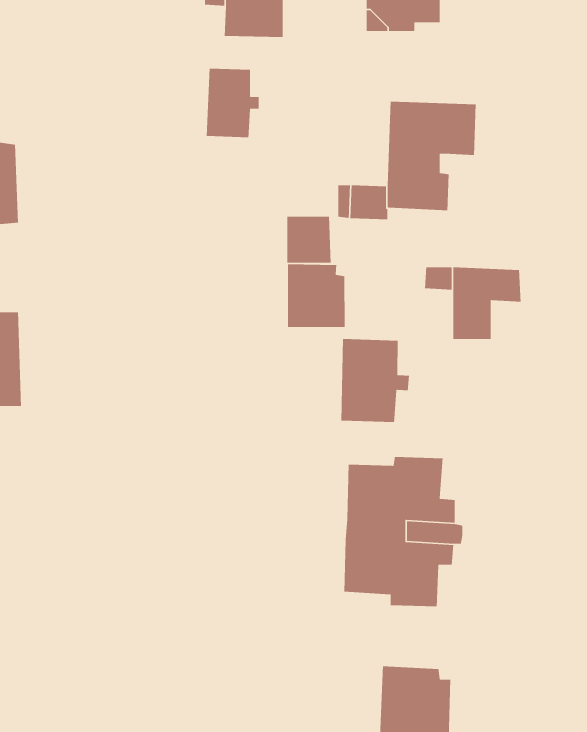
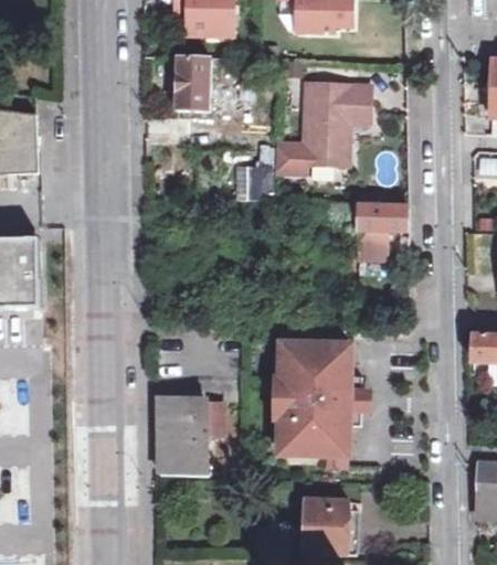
building: [287,264,346,328] -> none
building: [340,338,410,423] -> none
building: none -> [158,398,207,472]

